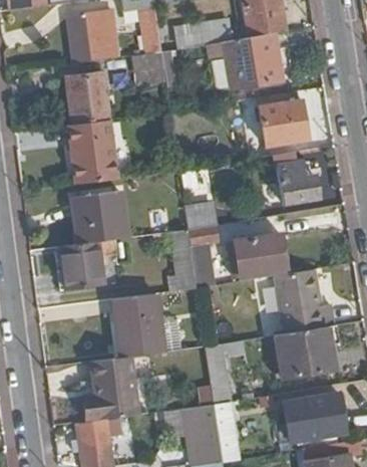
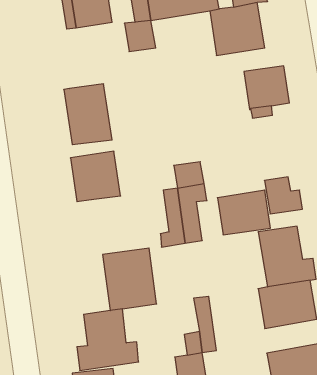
building: [66,70,110,125] -> none
building: [276,163,316,202] -> [264,177,302,214]
building: [60,242,103,291] -> none

